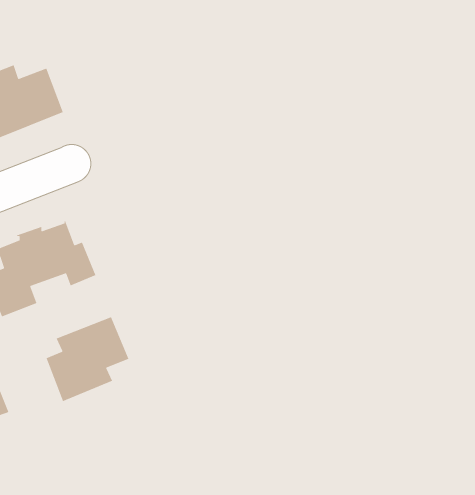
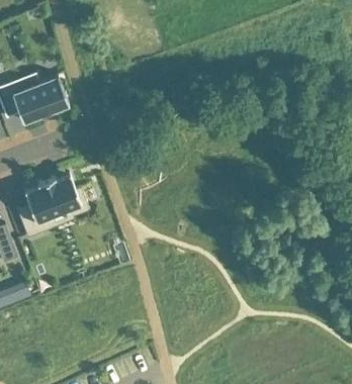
building: [45,316,130,402] -> none

